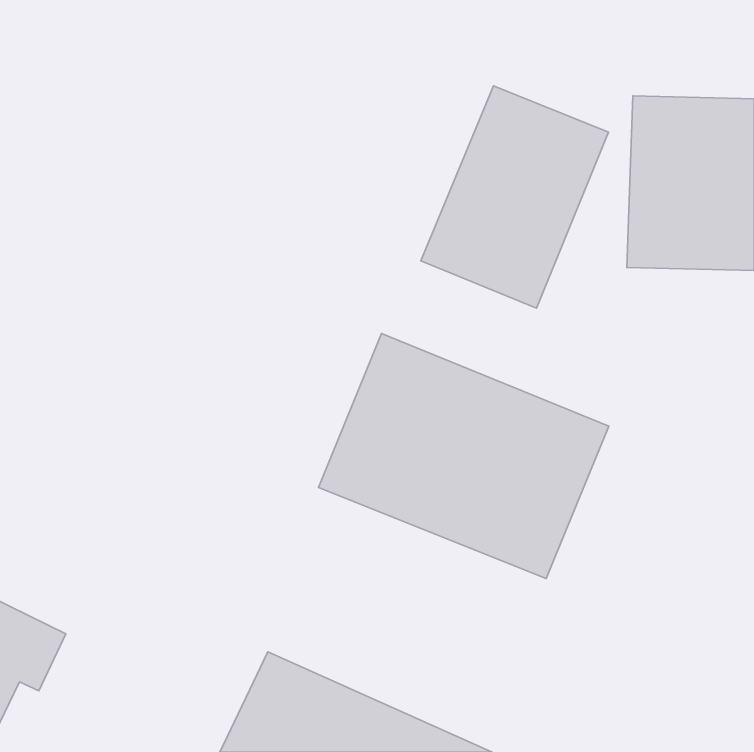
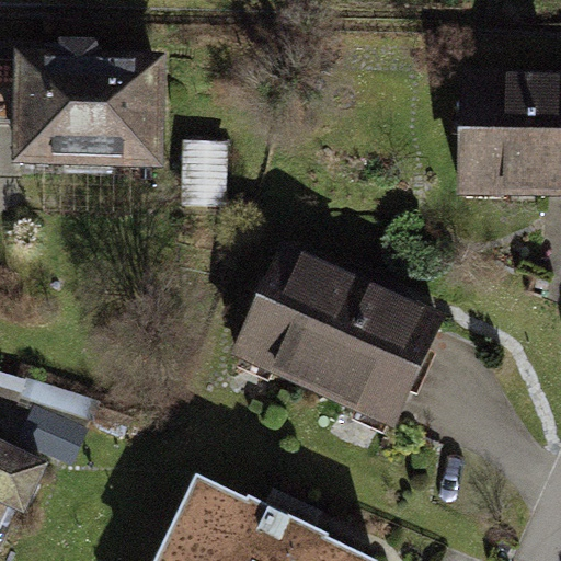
building: none -> [10,43,159,170]
building: [421,86,608,308] -> none

